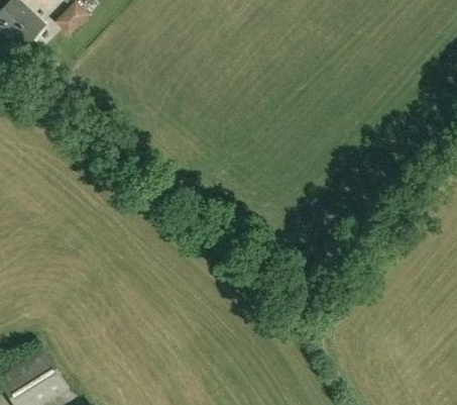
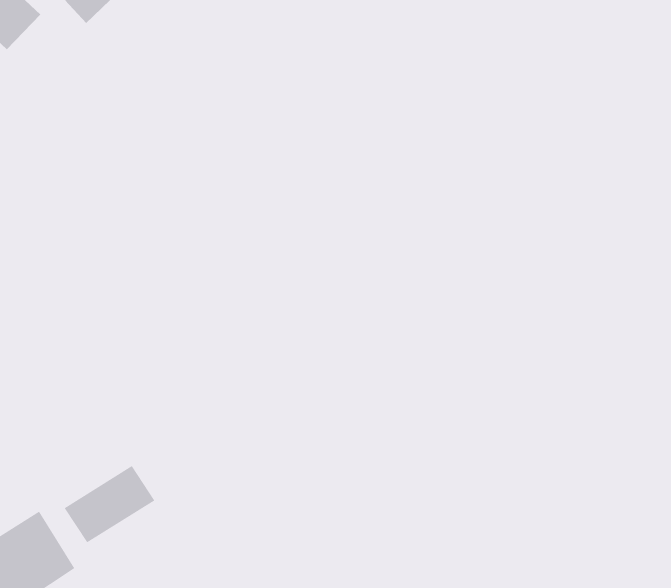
building: none -> [64,465,155,543]

